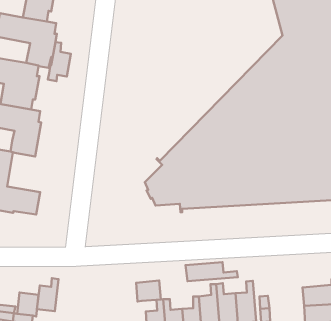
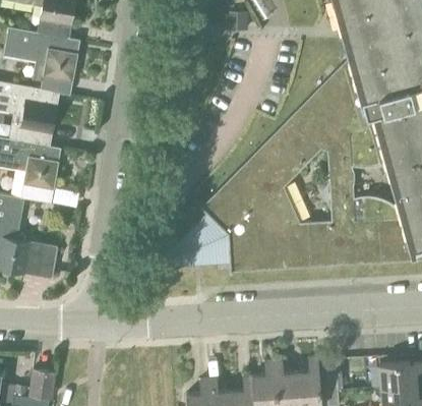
building: [48,42,71,81] -> none
building: [185,262,238,281] -> none
building: [37,278,58,311] -> none
building: [136,281,161,301] -> none

